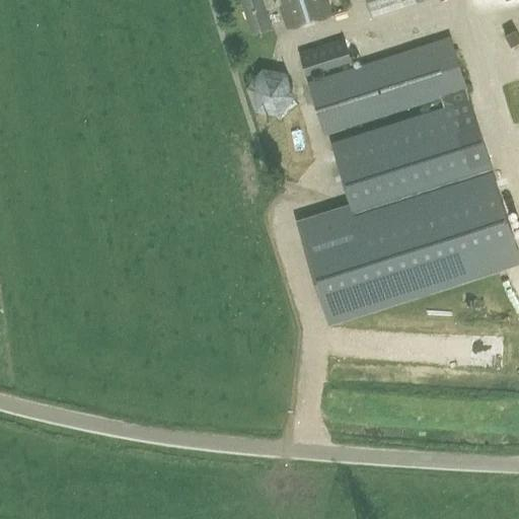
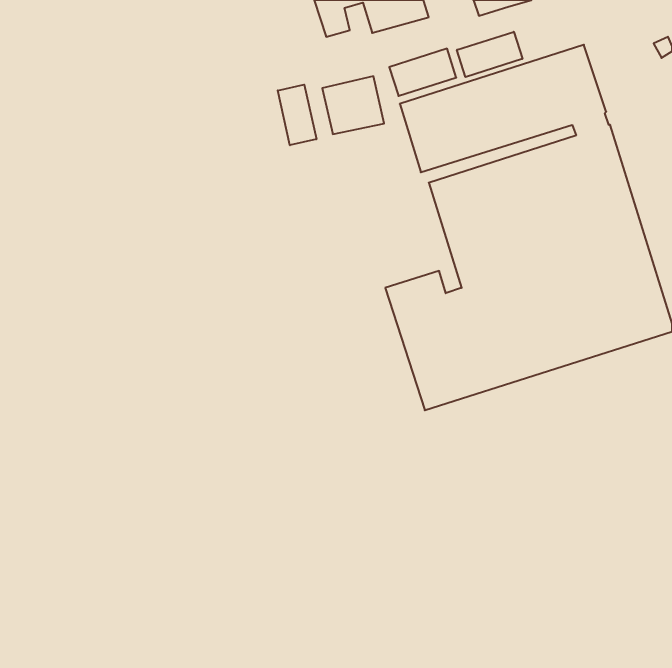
building: none -> [457,32,522,77]
building: none -> [278,85,316,145]

